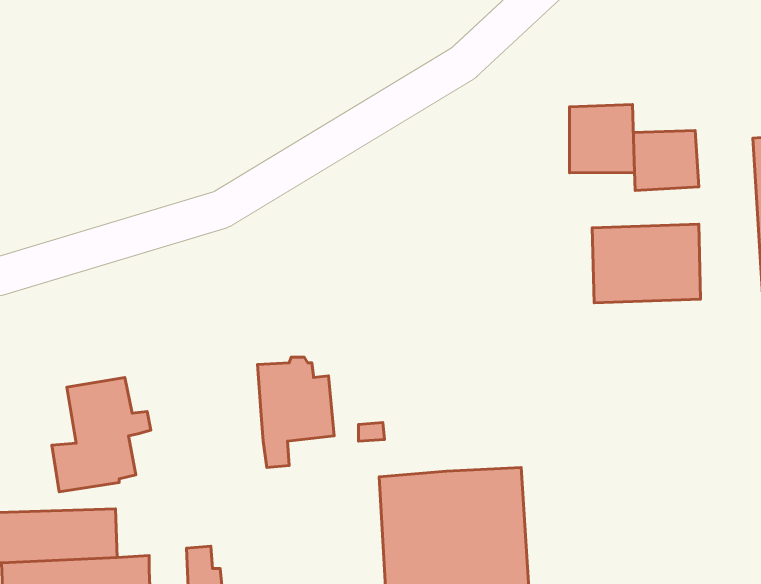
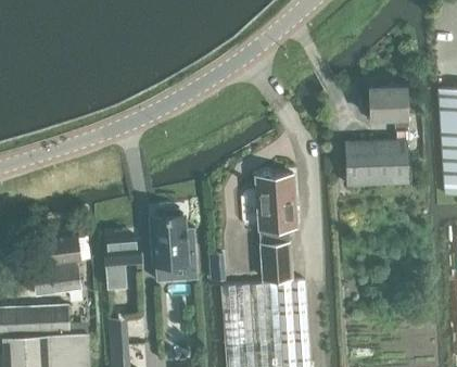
building: [569,105,635,173] -> none
building: none -> [256,174,296,282]
building: none -> [105,240,140,289]

